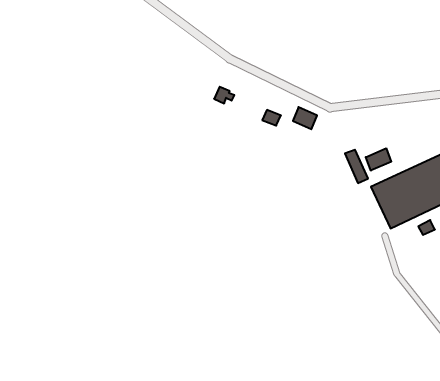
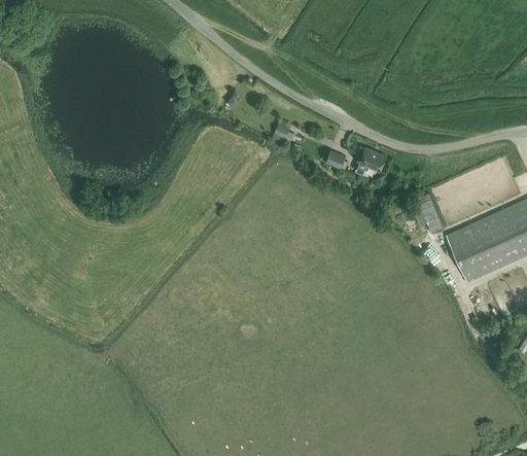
building: [366,148,391,171] -> none

